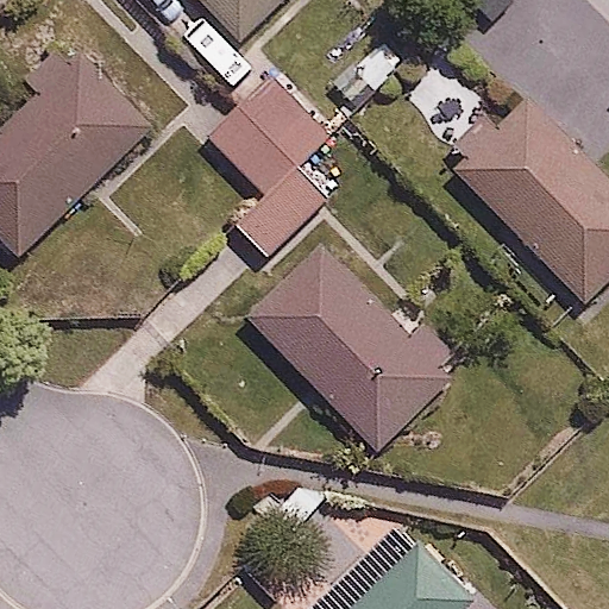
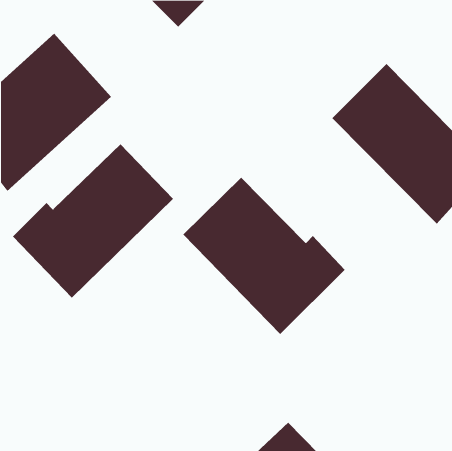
building: [208,75,329,257] -> none
building: none -> [12,144,174,299]

